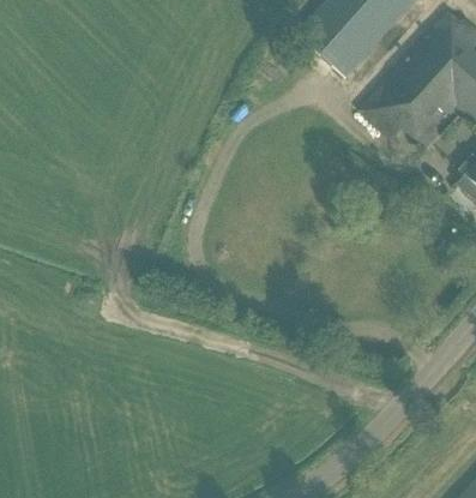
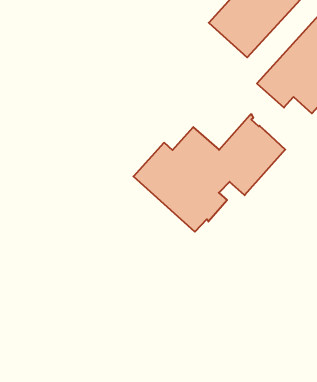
building: none -> [133,114,285,232]

